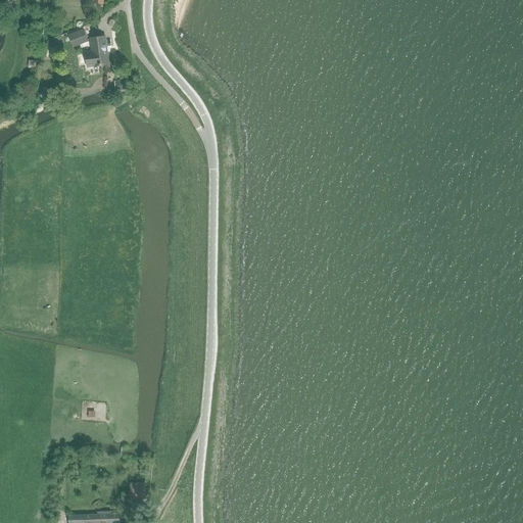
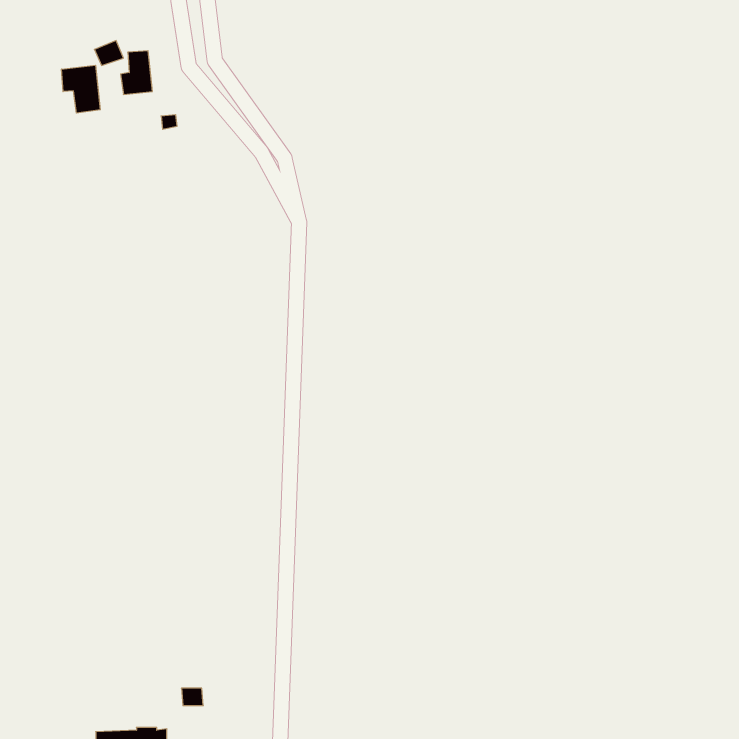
building: none -> [62,65,100,113]

